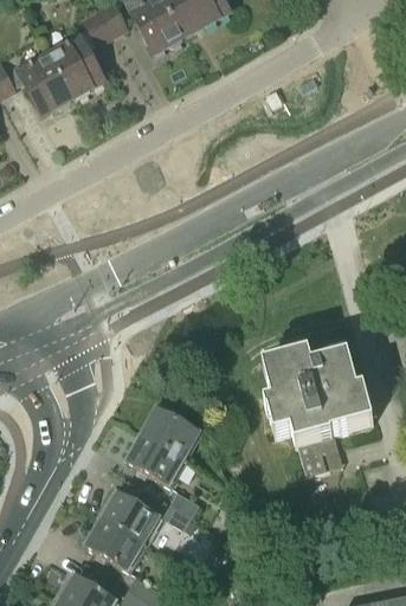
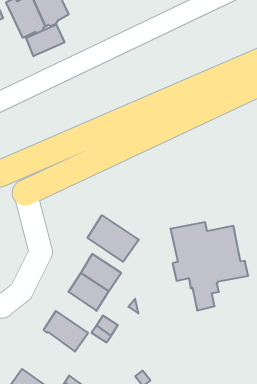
building: none -> [26,25,64,56]
building: none -> [88,215,139,262]
building: [86,517,142,568] -> none

